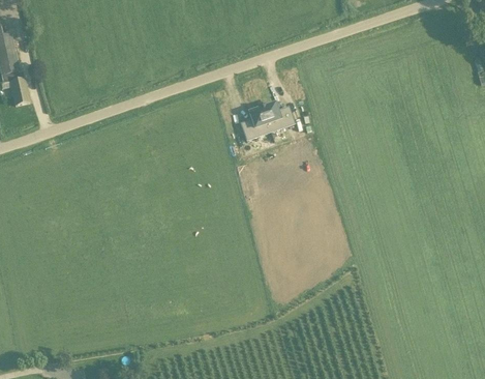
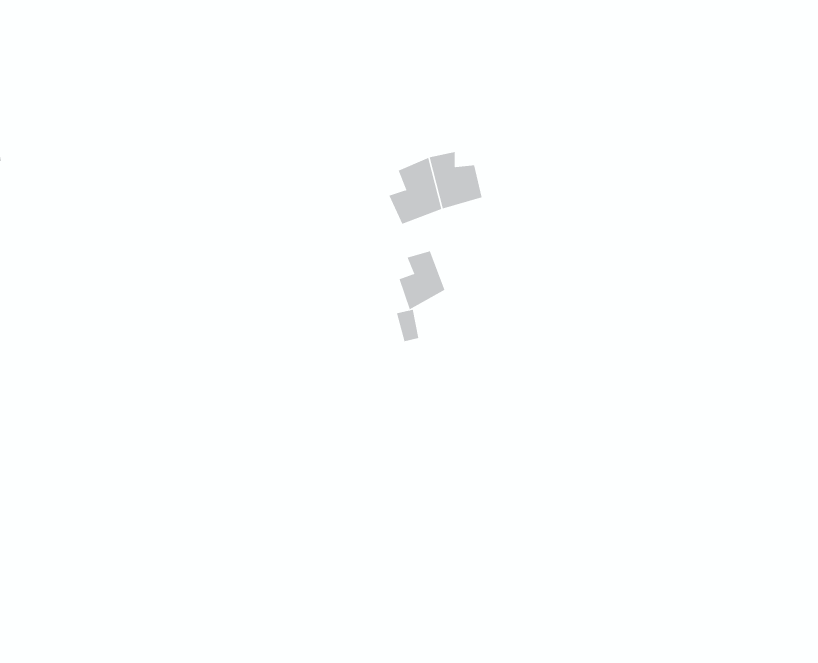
building: none -> [399,251,445,310]

